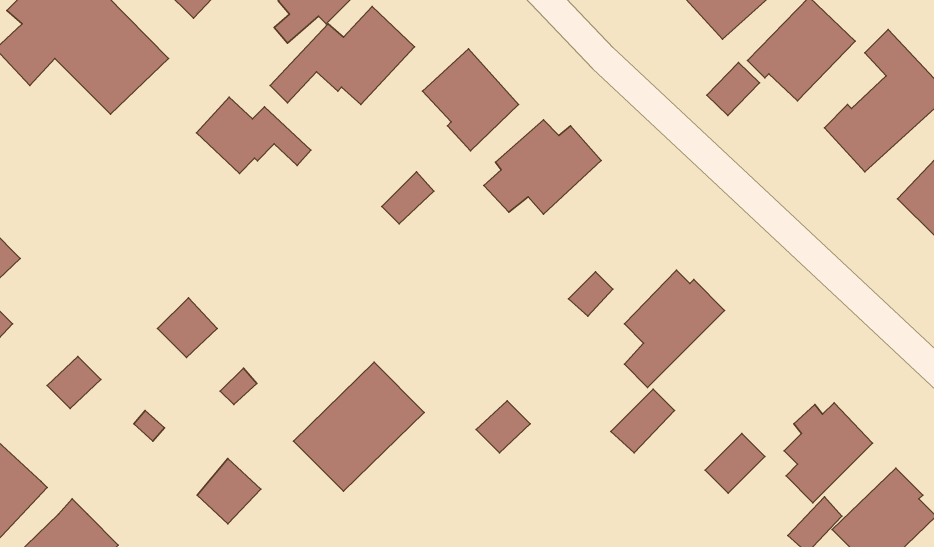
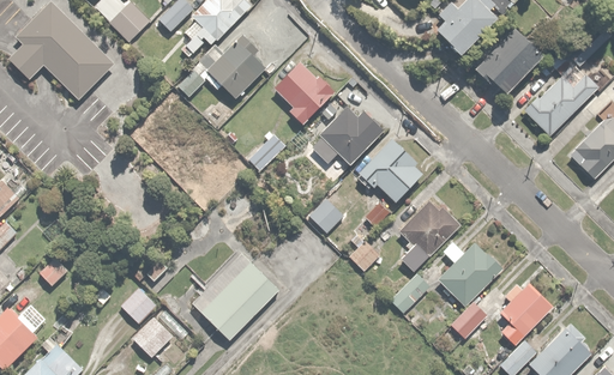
building: [707,62,760,116] -> none
building: [196,97,311,173] -> none
building: none -> [356,138,425,201]
building: none -> [311,198,344,232]
building: [158,298,217,357] -> [120,286,157,323]
building: none -> [438,241,504,304]
building: [476,401,530,453] -> [349,237,383,270]

